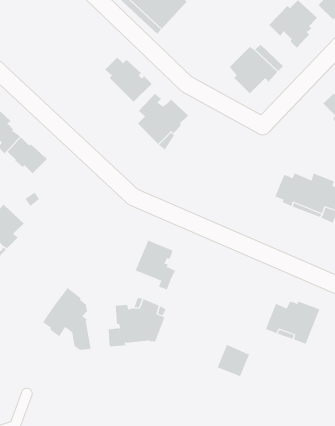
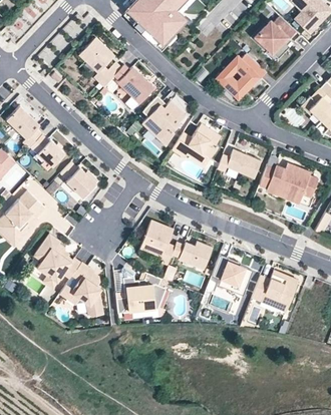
building: none -> [79,36,115,86]
building: none -> [173,126,222,157]
building: none -> [218,149,262,177]
building: none -> [61,161,99,196]
building: none -> [34,234,82,283]
building: none -> [172,242,213,271]
building: [217,344,250,377] -> [224,260,252,288]

